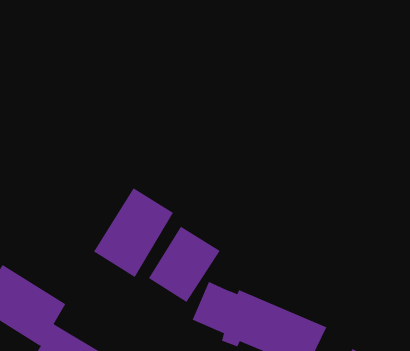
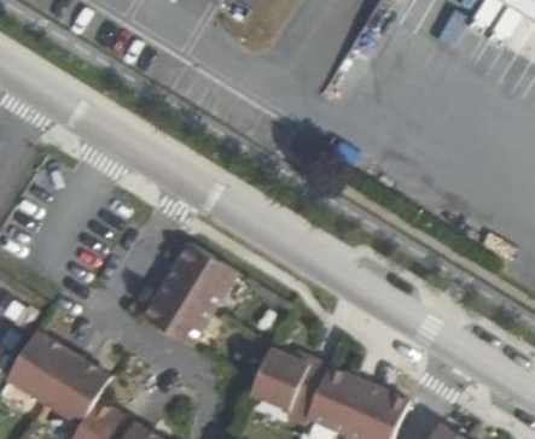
building: [148,226,221,303] -> none

